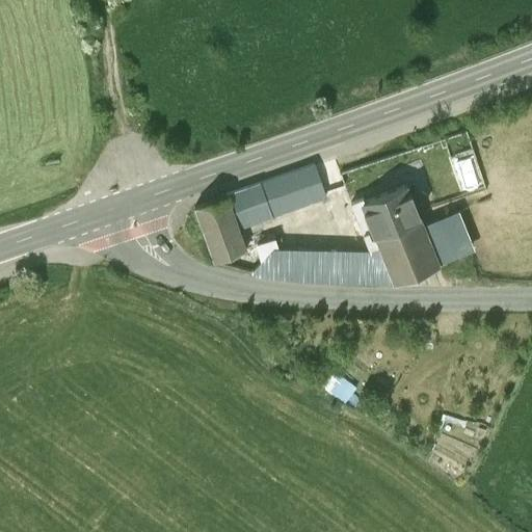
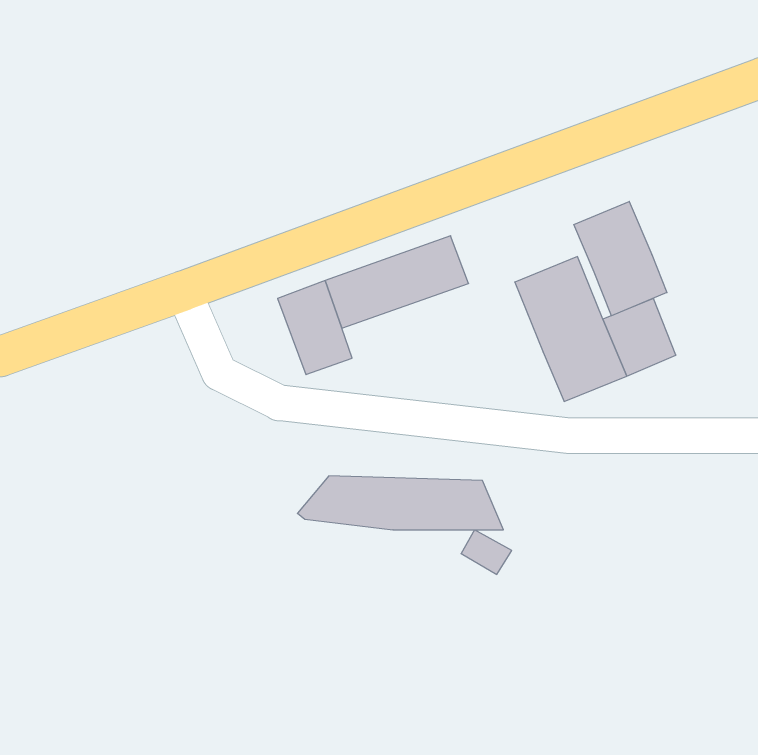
building: none -> [574,201,667,316]
building: [252,247,396,285] -> [297,476,503,530]

